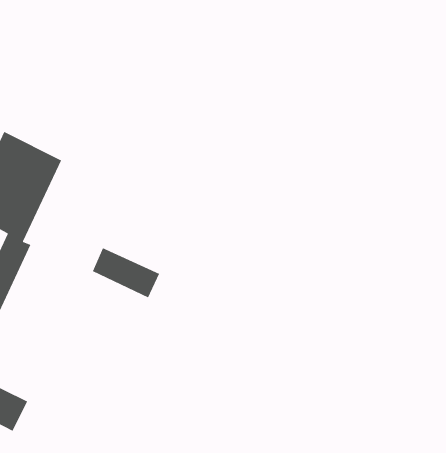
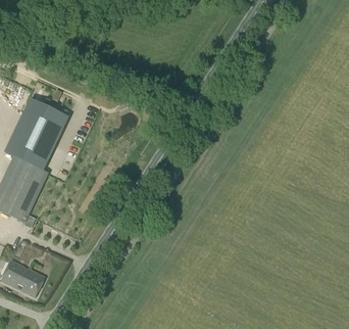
building: [92,247,160,299] -> none

